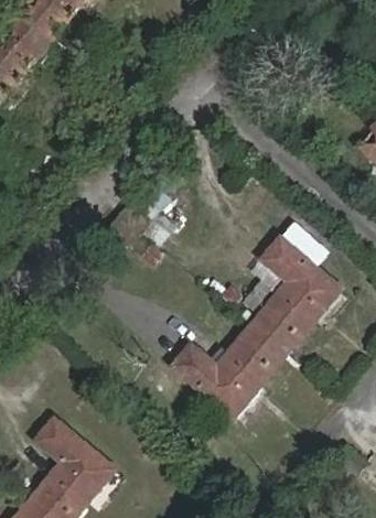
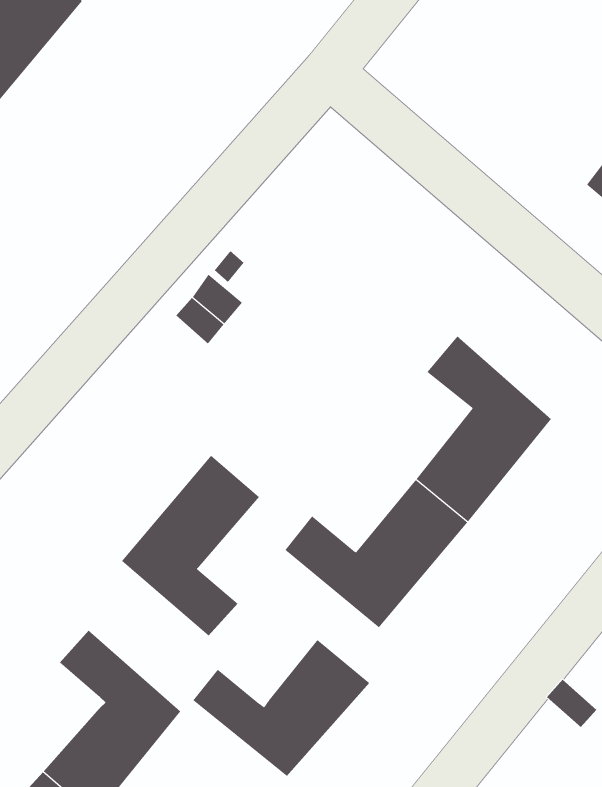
building: none -> [121,455,260,636]
building: none -> [193,639,370,777]

